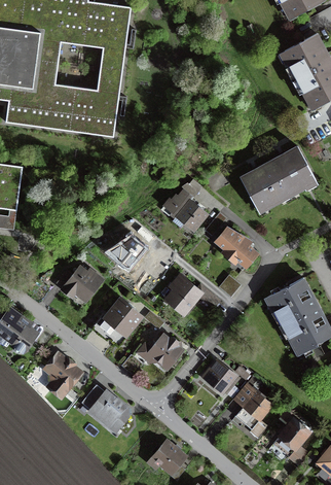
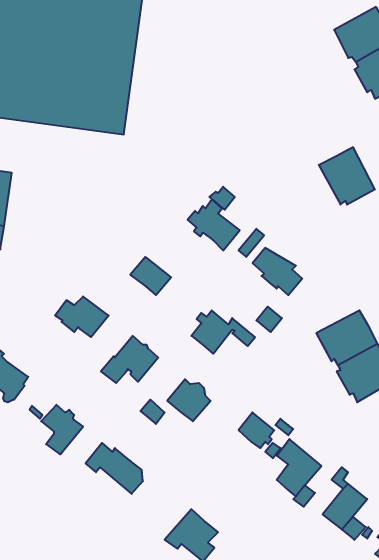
building: [243,162,287,209] -> none

